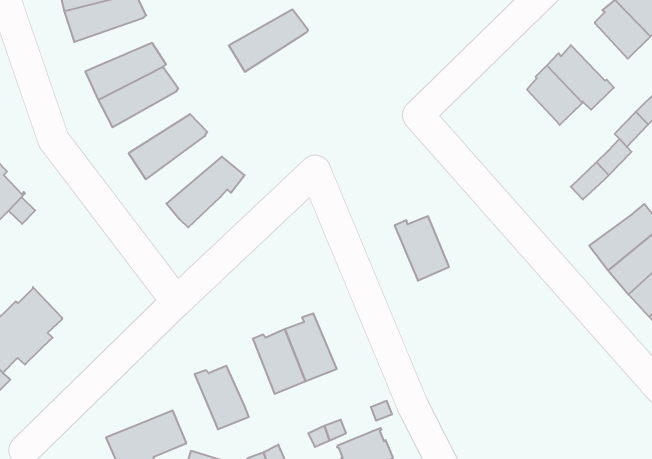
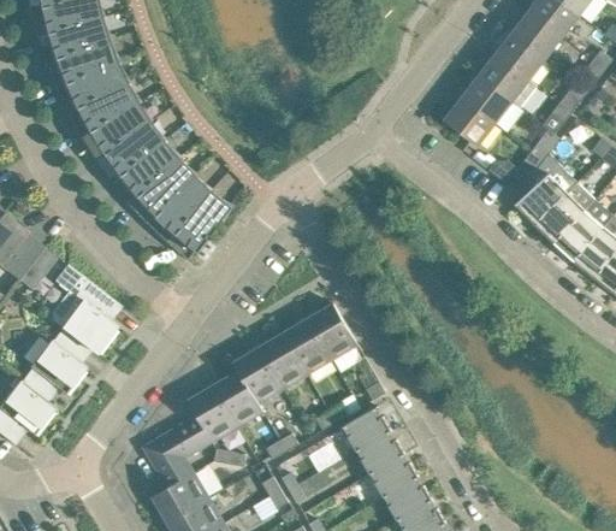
building: [229,10,308,72] -> [112,141,178,200]
building: none -> [69,82,138,135]
building: none -> [496,30,546,81]
building: none -> [442,98,496,146]
building: none -> [147,176,211,238]
building: none -> [516,173,568,224]
building: [395,216,449,281] -> [307,303,359,360]
building: none -> [53,264,122,354]
building: none -> [233,344,283,403]
building: none -> [189,382,238,442]

